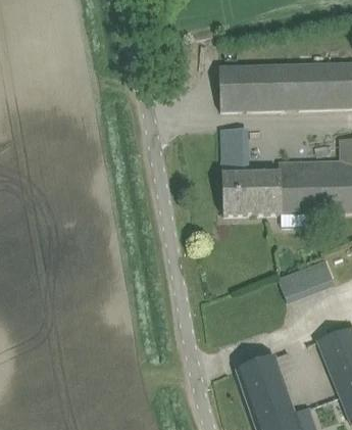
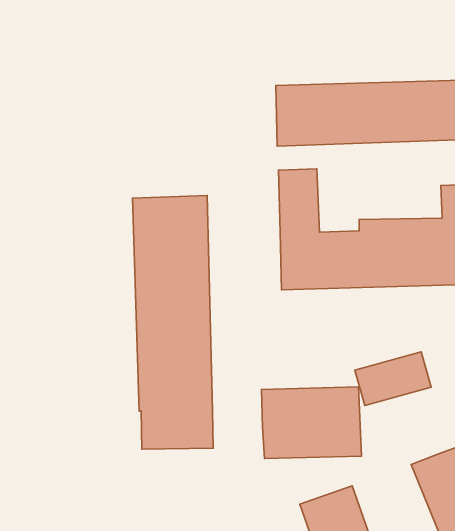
building: none -> [132,195,213,449]
building: none -> [262,387,361,458]

